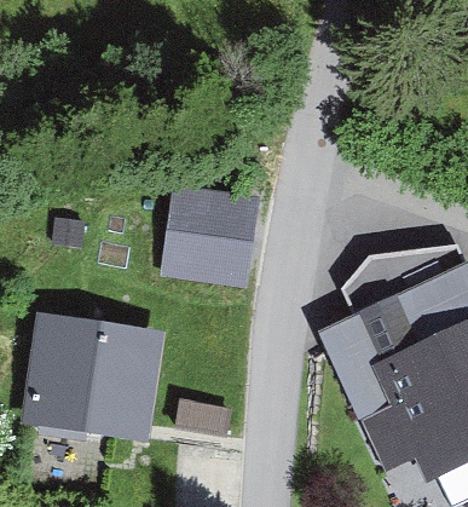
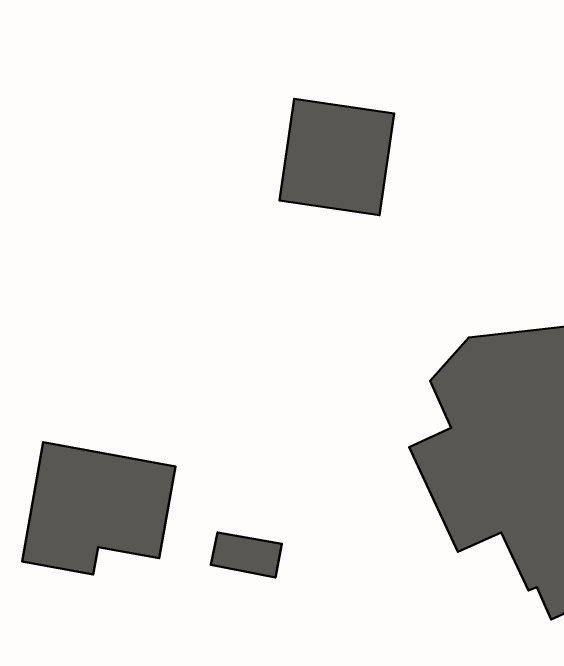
building: [167,195,253,282] -> [280,99,394,215]

